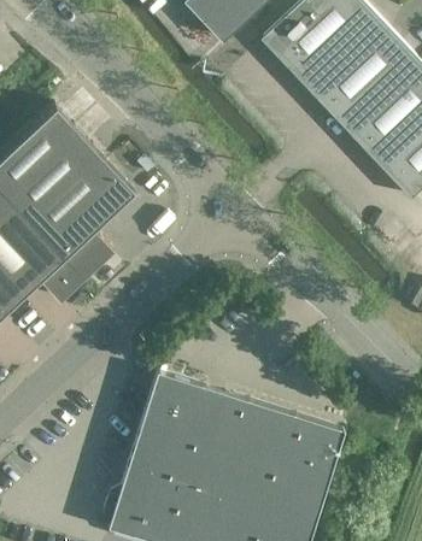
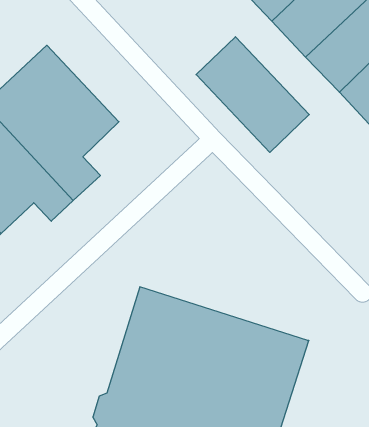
building: none -> [196,37,309,152]

